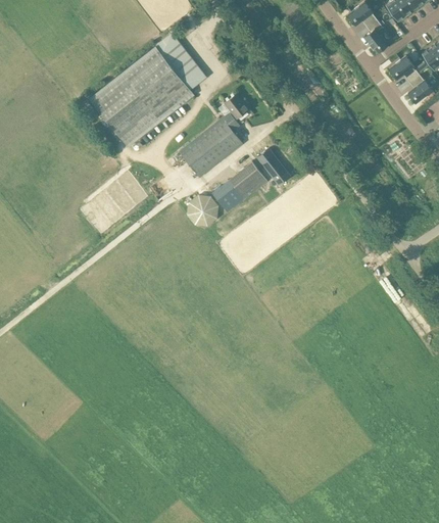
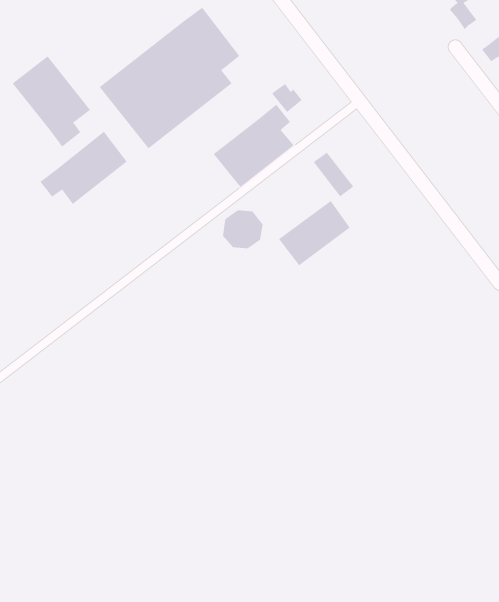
building: none -> [12,56,91,147]
building: none -> [39,131,128,205]
building: [209,160,266,212] -> [278,200,351,266]

